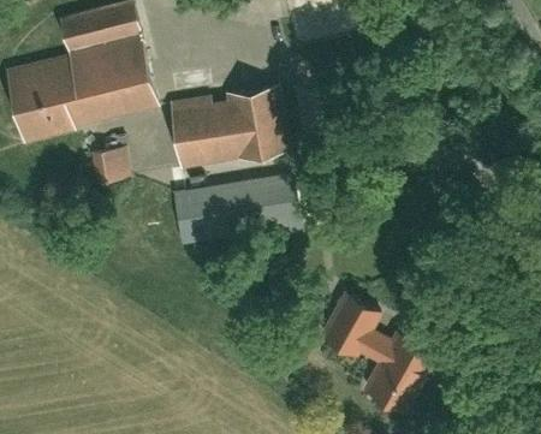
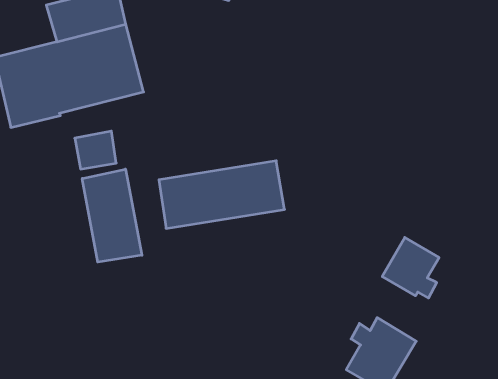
building: [172,85,291,167] -> none
building: none -> [82,169,142,262]
building: [323,293,381,355] -> [382,237,439,298]

